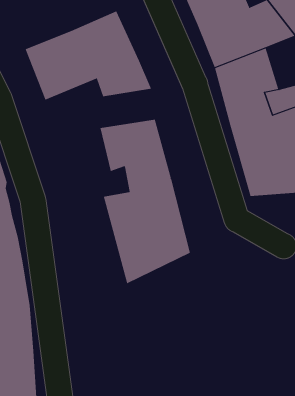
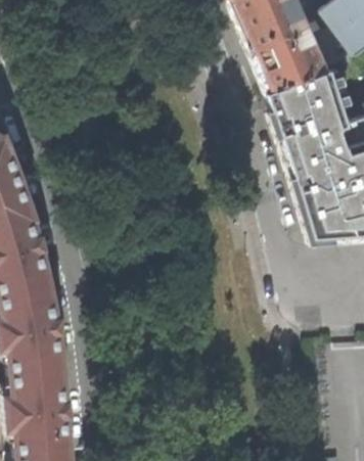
building: [25,10,152,101] -> none
building: [100,119,191,284] -> none

